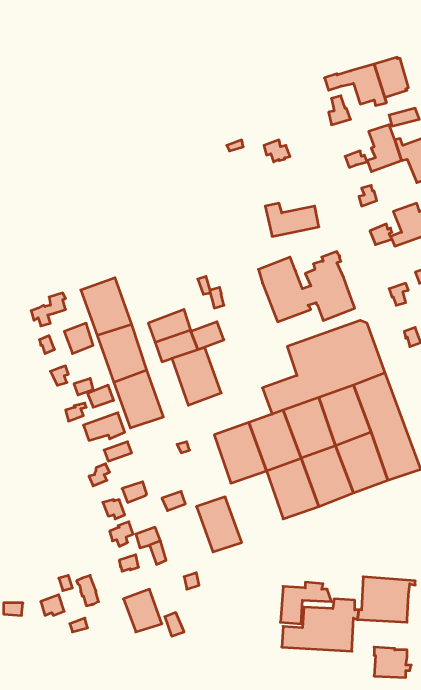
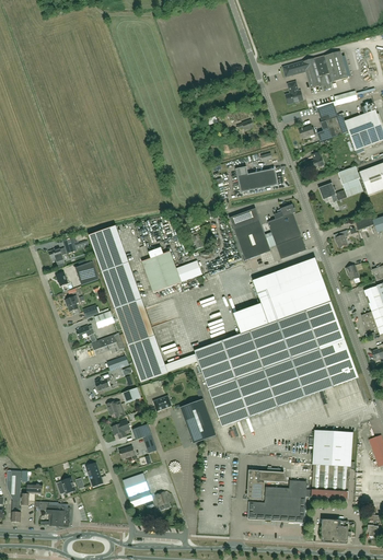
building: [172,347,221,405] -> [127,336,166,382]
building: none -> [207,378,248,427]
building: none -> [312,430,353,466]
building: none -> [34,501,69,526]

